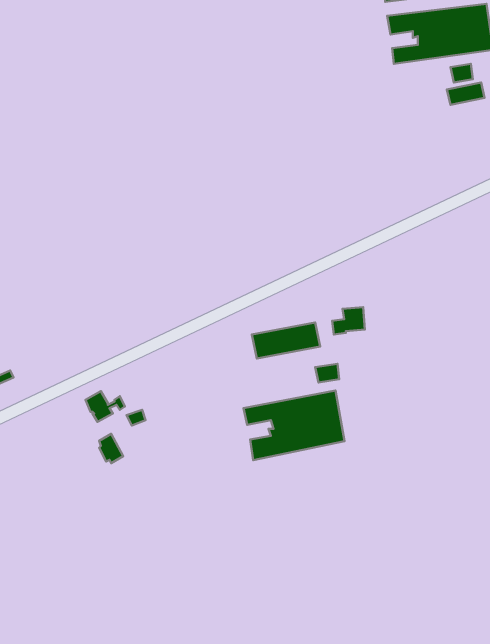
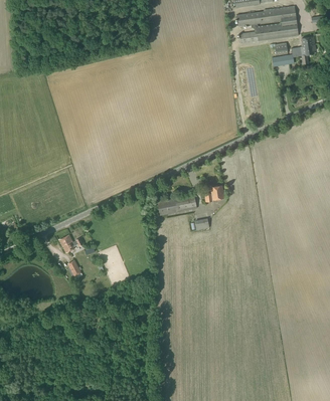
building: [244,391,345,460] -> none

